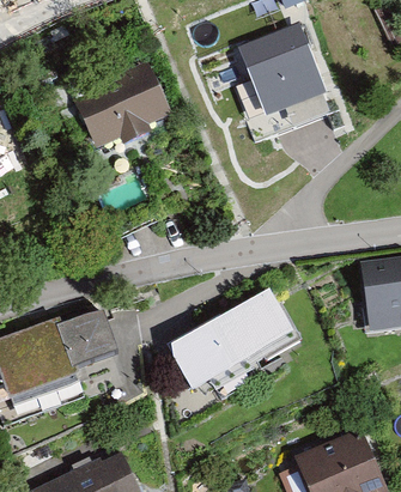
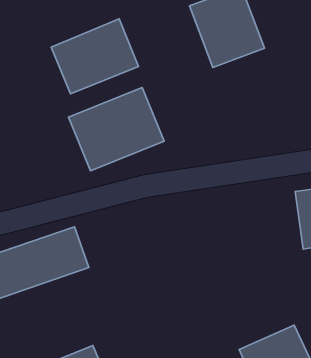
building: none -> [68,87,164,171]
building: [169,291,296,396] -> none

